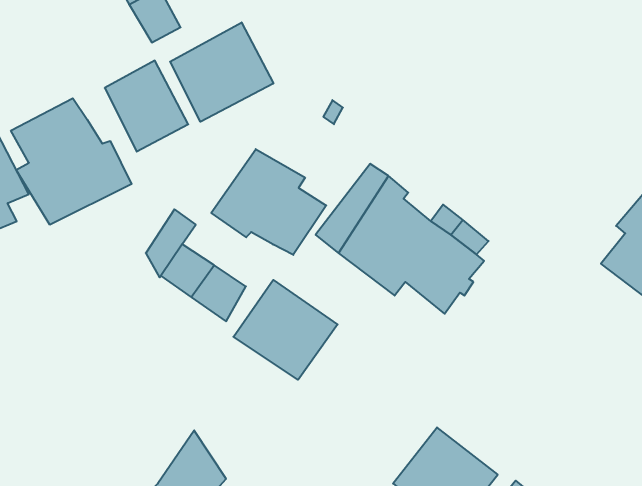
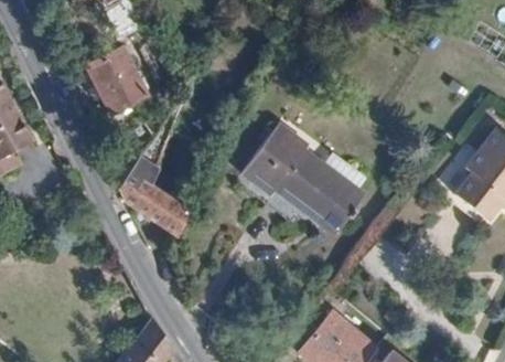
building: [170,22,273,122] -> none
building: [11,98,132,225] -> none
building: [211,149,326,255] -> none
building: [233,280,338,380] -> none

